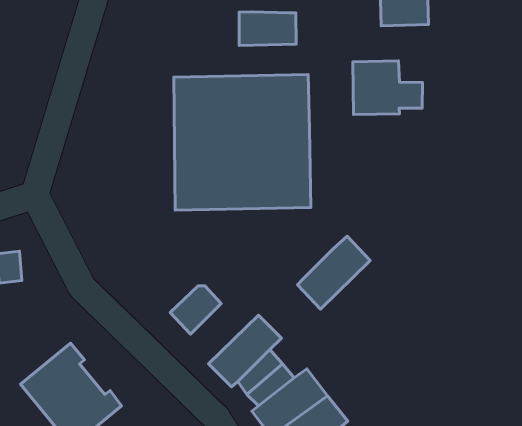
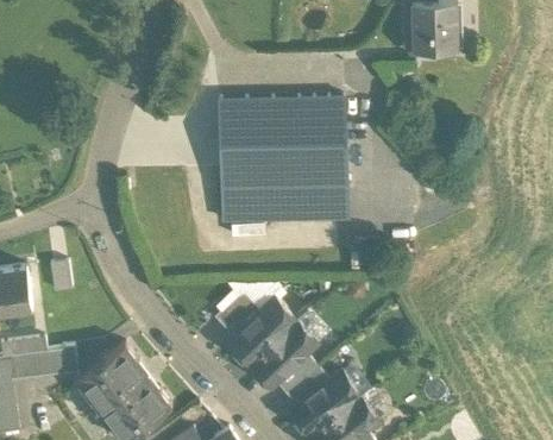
building: [239,12,296,45] -> none
building: [353,61,422,115] -> none
building: [297,236,370,309] -> [230,297,297,365]

